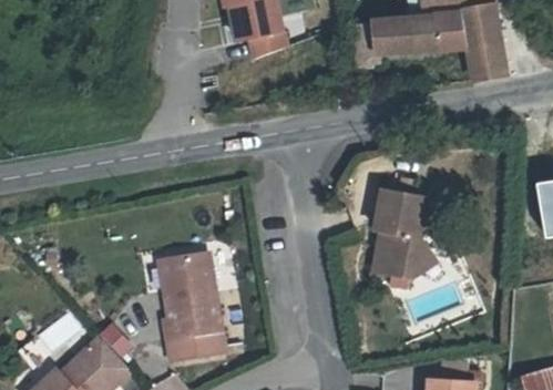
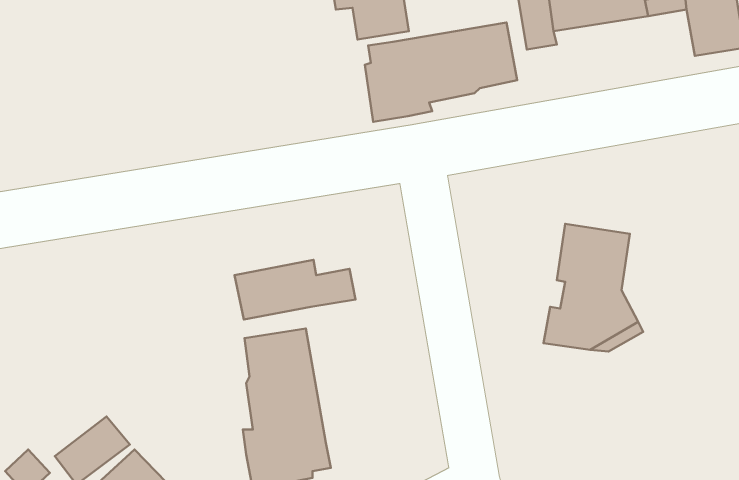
building: none -> [365,22,517,122]
building: none -> [235,260,356,319]

